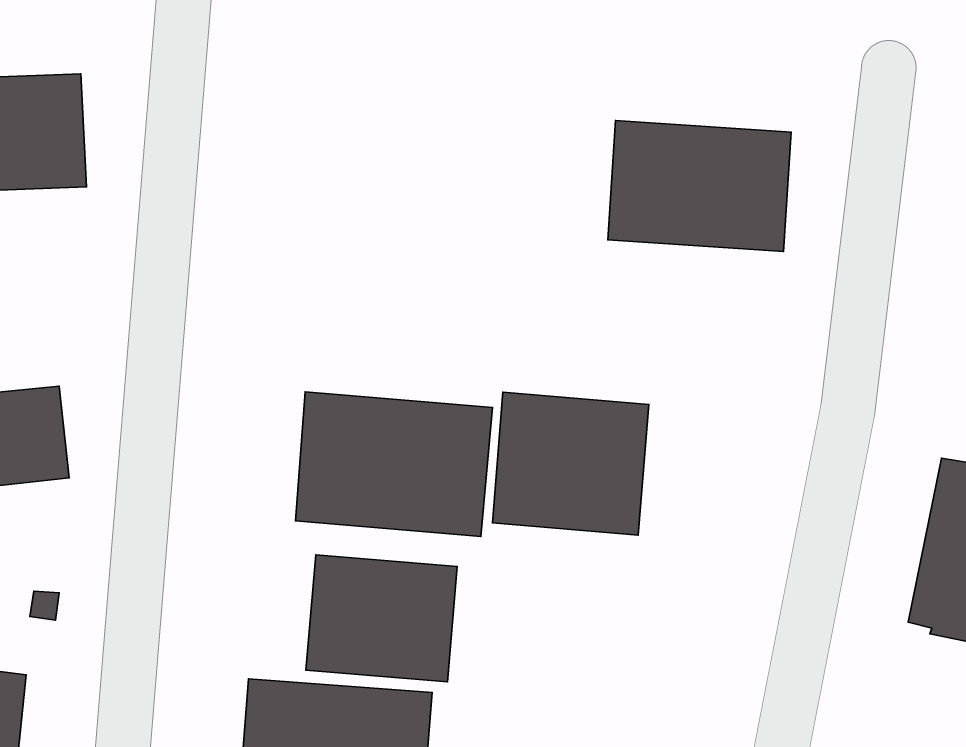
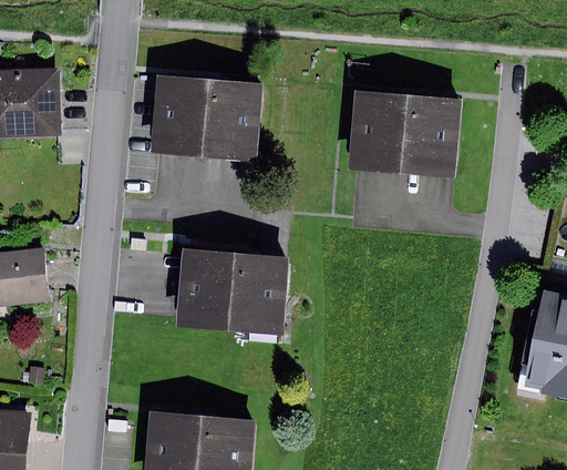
building: none -> [155,74,265,155]
building: [492,392,649,535] -> none
building: [306,555,457,682] -> none

